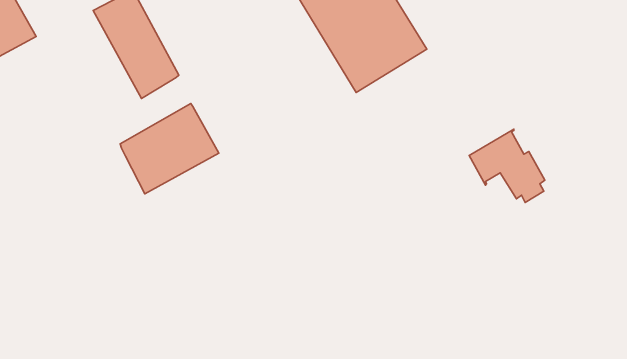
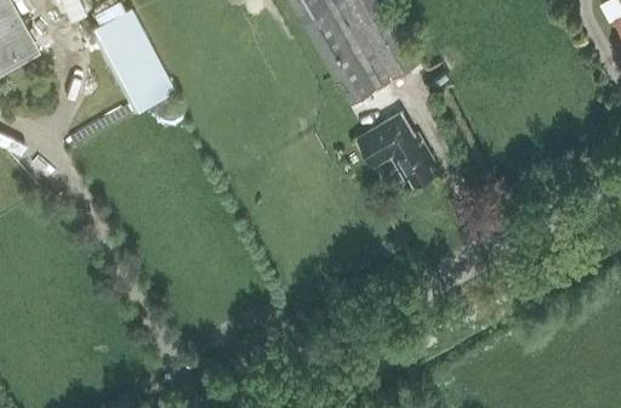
building: [120,104,219,194] -> none
building: [469,129,545,203] -> [359,113,433,185]

